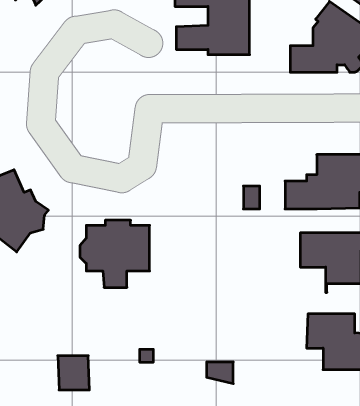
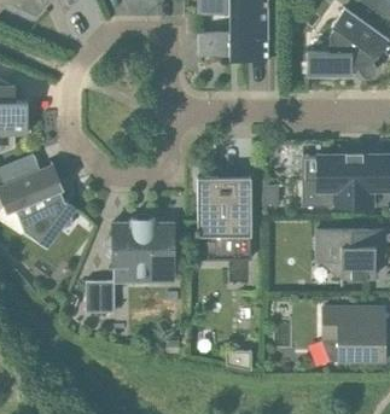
building: none -> [196,177,251,260]
building: [58,356,89,390] -> [86,280,116,313]

